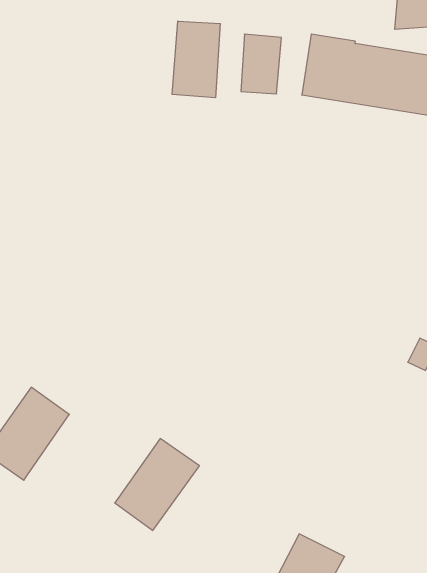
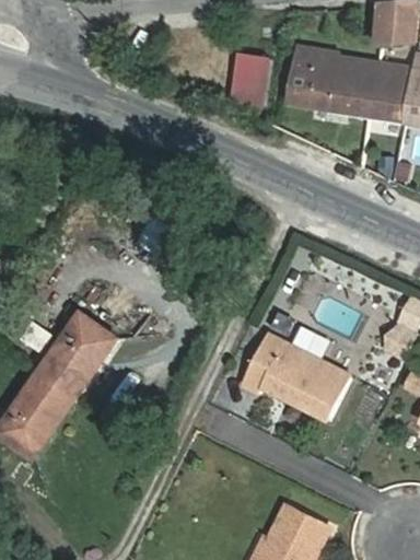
building: [172,21,220,98] -> none
building: none -> [241,331,350,420]
building: [115,439,199,530] -> [38,312,116,396]

